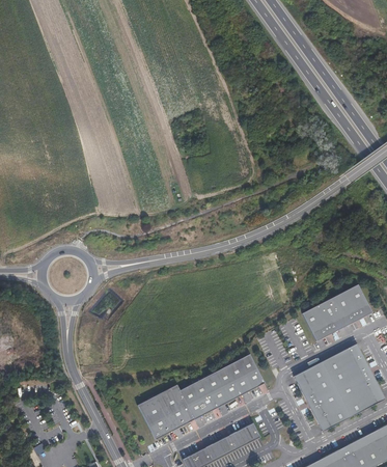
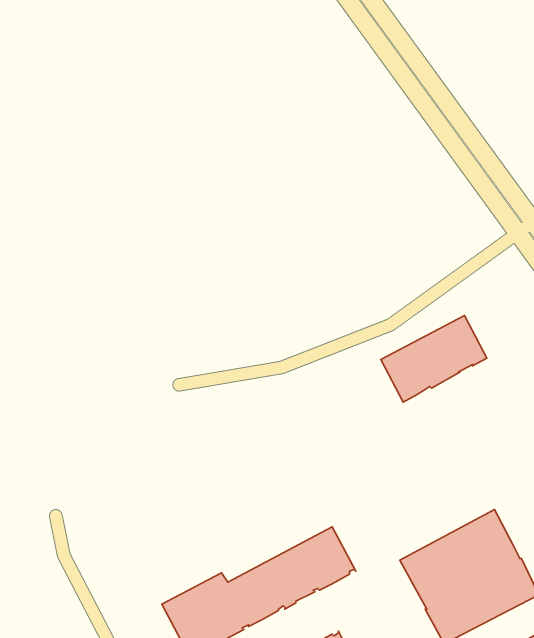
building: [302,283,371,340] -> [381,315,487,402]

